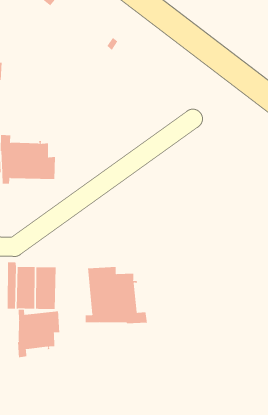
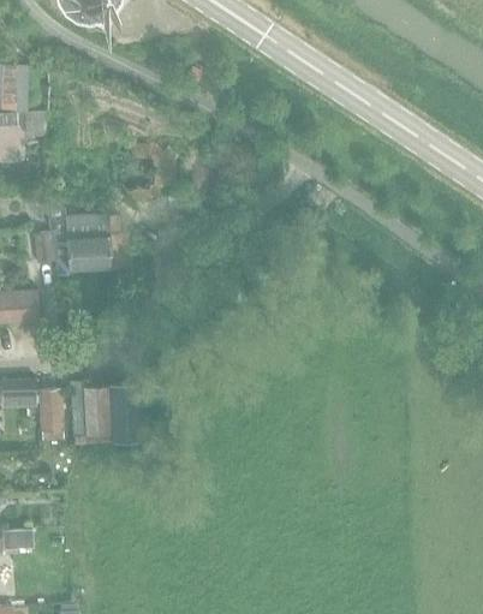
building: [85,266,148,324] -> none
building: [18,309,60,358] -> none

